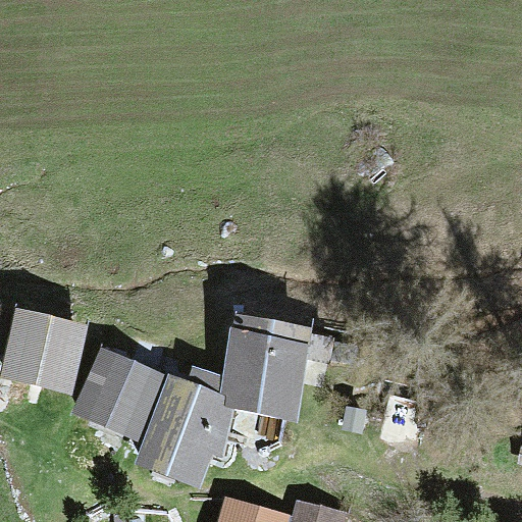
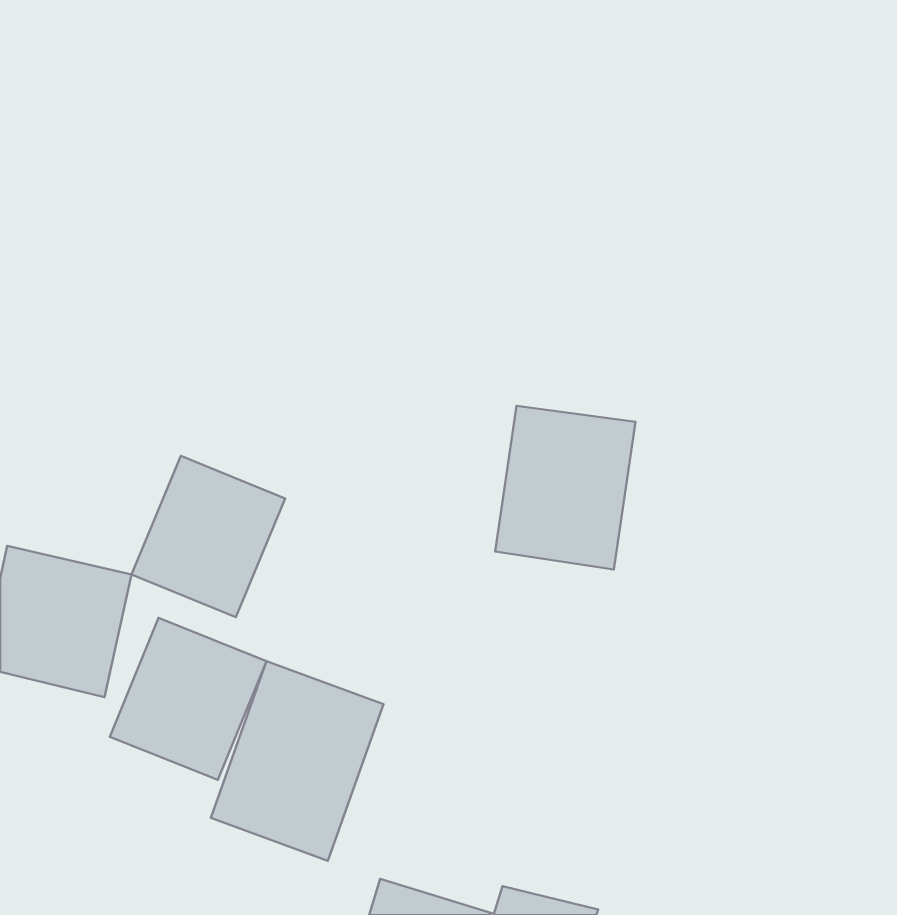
building: none -> [131,456,285,617]
building: [225,313,305,406] -> [495,406,636,570]

